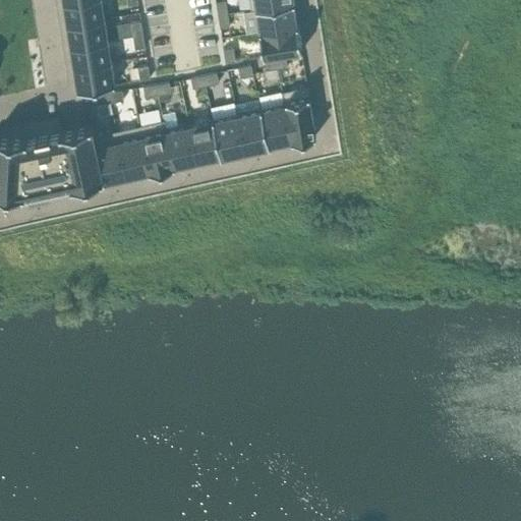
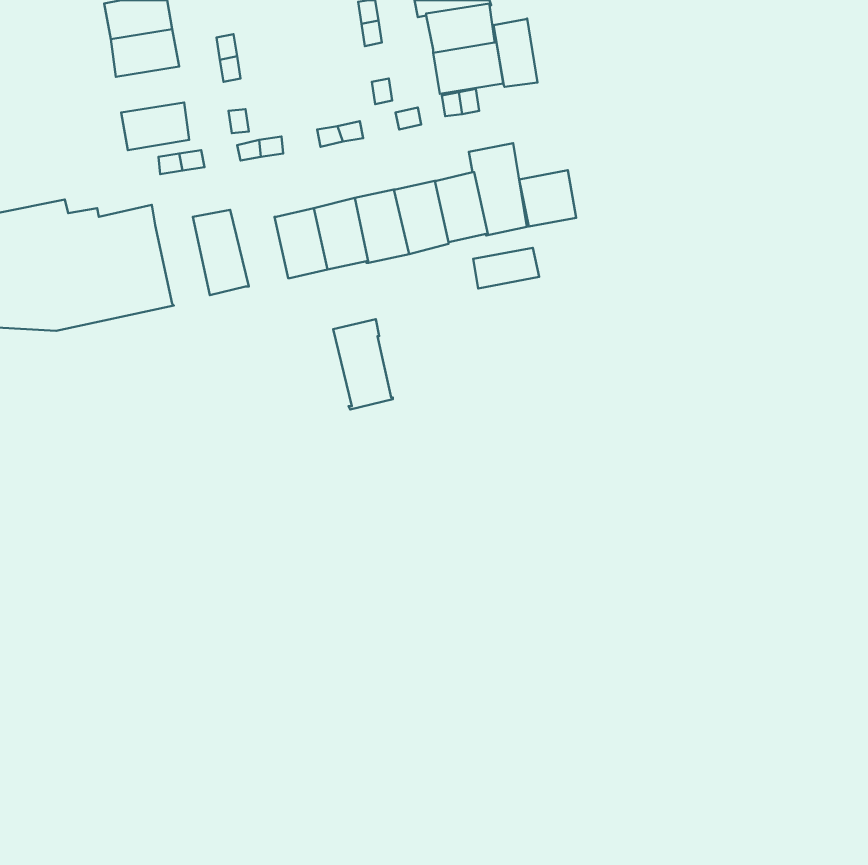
building: none -> [493,18,537,87]
building: [69,44,110,71] -> none
building: none -> [519,170,576,226]
building: [137,123,173,177] -> [333,319,393,410]
building: [93,133,125,185] -> none
building: none -> [473,248,539,288]

